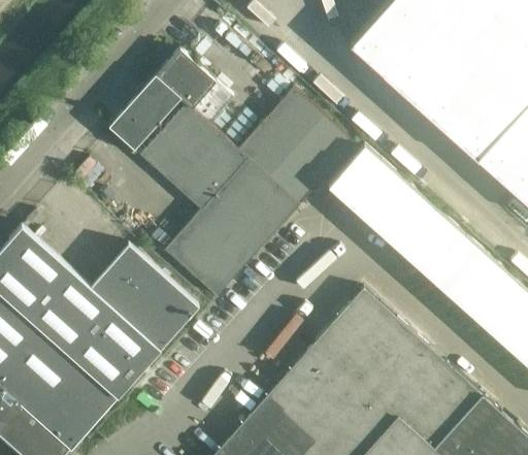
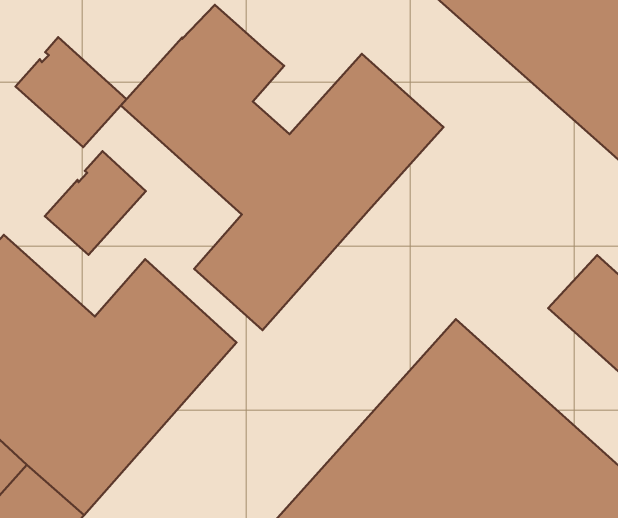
building: none -> [16,37,126,147]
building: [328,144,470,281] -> none
building: none -> [45,151,146,255]

